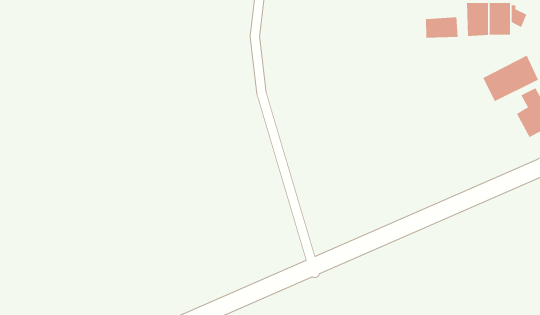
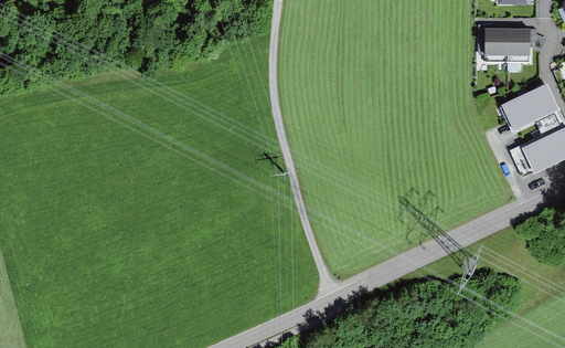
building: [425,17,458,39] -> none
building: none -> [511,144,544,179]

